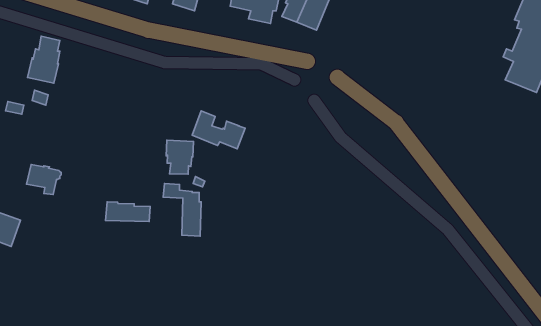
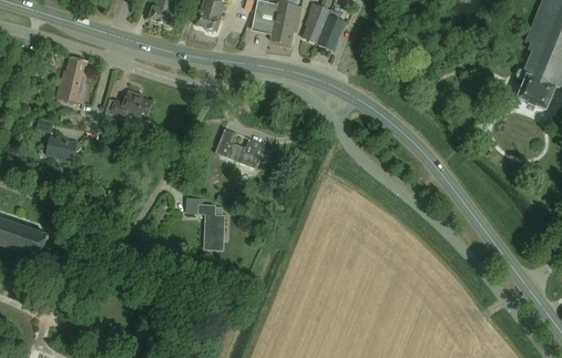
building: none -> [105,90,153,120]
building: [166,140,193,174] -> none
building: [27,165,61,195] -> [47,136,80,165]
building: [106,202,150,222] -> none

